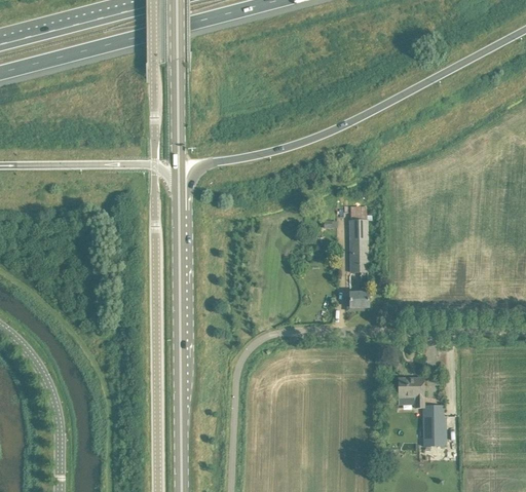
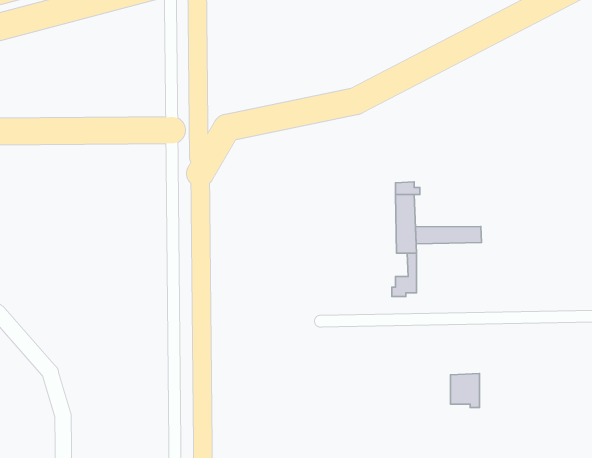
building: none -> [415,227,482,244]
building: [422,411,443,444] -> none

